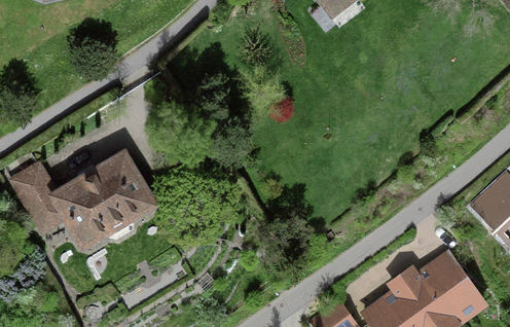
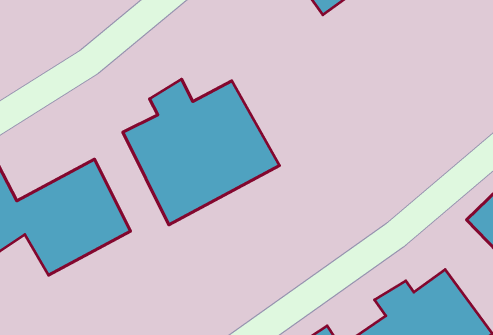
building: none -> [123,79,279,225]

